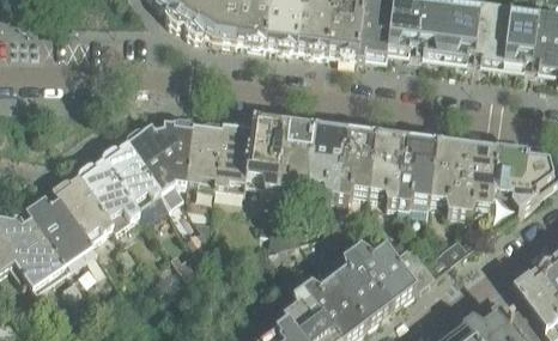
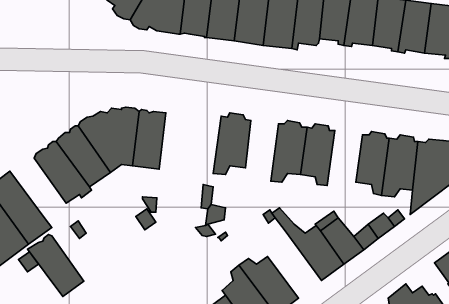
building: [213,120,280,190] -> none
building: [307,129,342,199] -> none
building: [395,141,433,205] -> none
building: [51,172,113,239] -> [27,235,84,297]
building: [330,252,389,325] -> none

